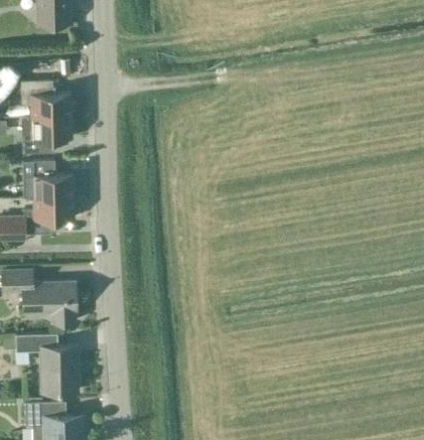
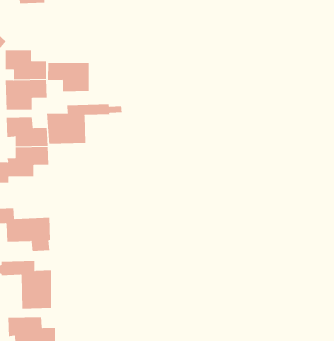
building: none -> [47,62,89,92]
building: none -> [47,103,122,144]

